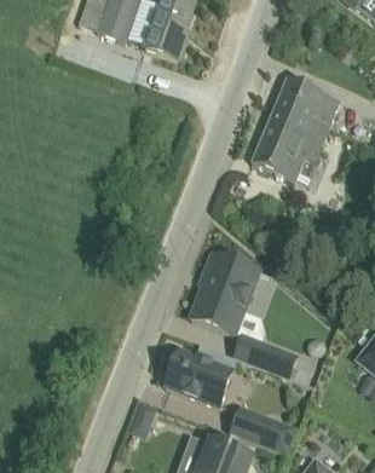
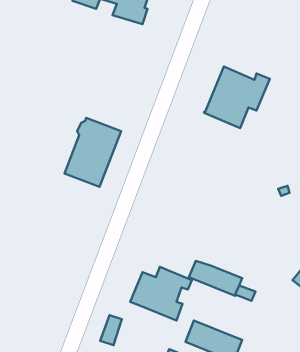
building: [275,76,339,123] -> none
building: [191,253,258,334] -> [65,118,121,187]

